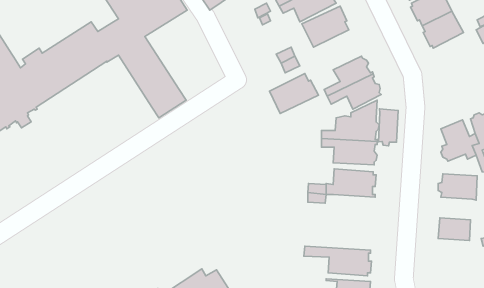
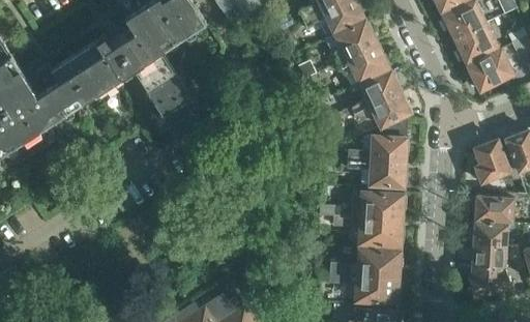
building: none -> [467,49,512,91]
building: [269,73,318,114] -> [340,43,391,86]
building: [378,109,398,146] -> none
building: none -> [358,217,405,245]
building: none -> [473,221,507,244]
building: none -> [330,248,403,276]
building: none -> [467,264,510,298]

